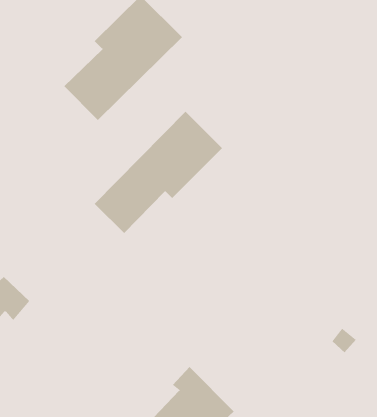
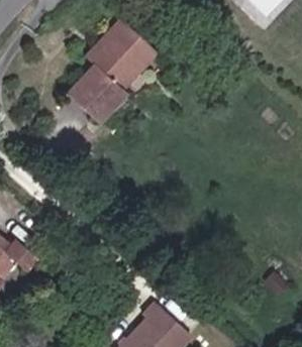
building: [94,111,223,234] -> none

